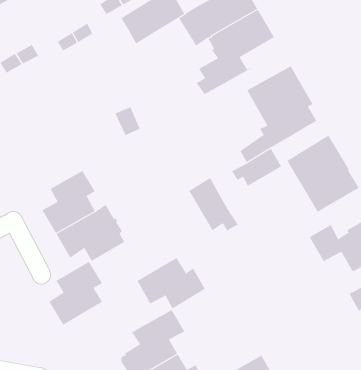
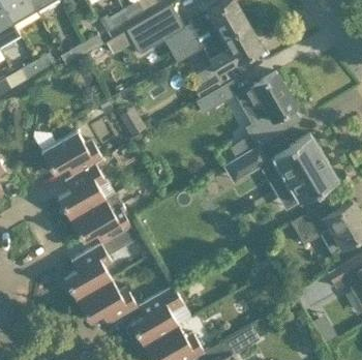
building: none -> [41,132,101,177]
building: [189,177,238,231] -> none
building: [137,257,205,309] -> [77,280,137,326]

